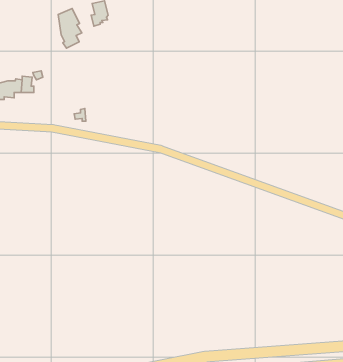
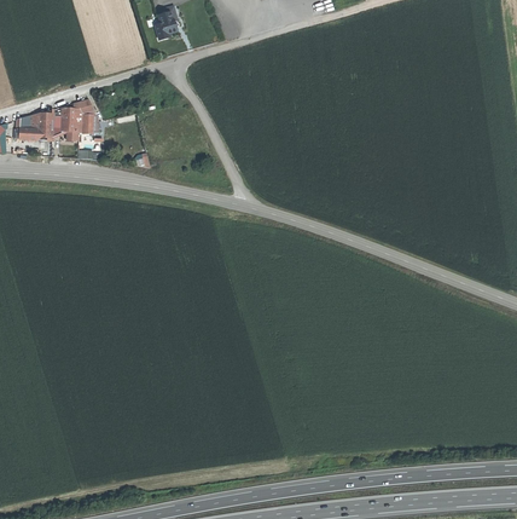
building: [58,8,82,48] -> none

